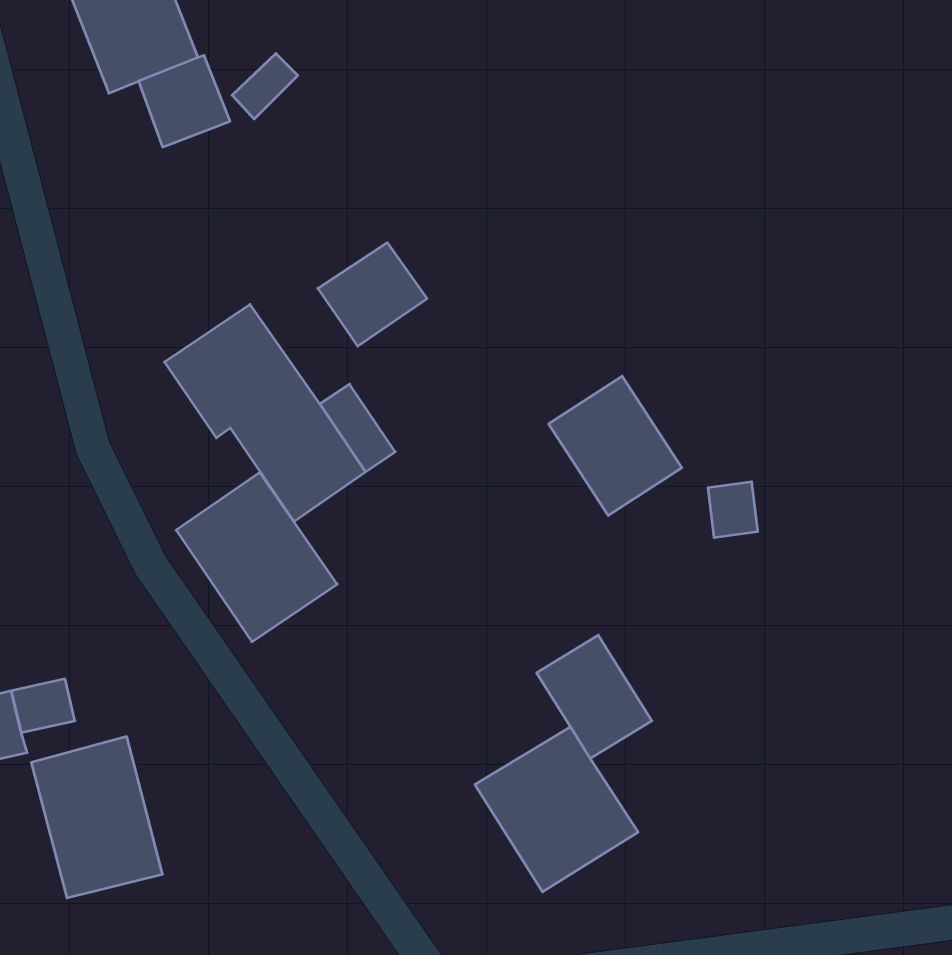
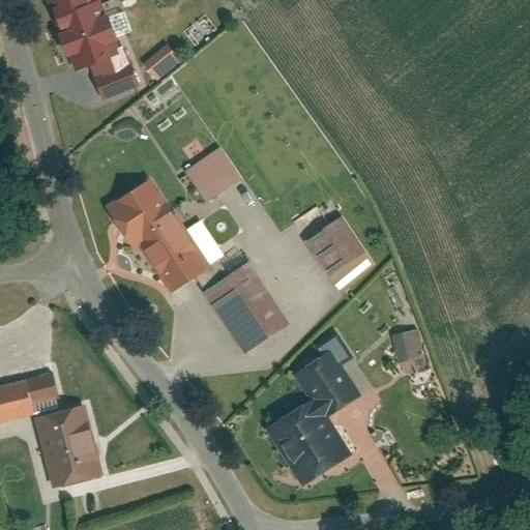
building: [176,472,337,642] -> [203,262,287,350]
building: [708,482,758,538] -> [393,330,419,359]

